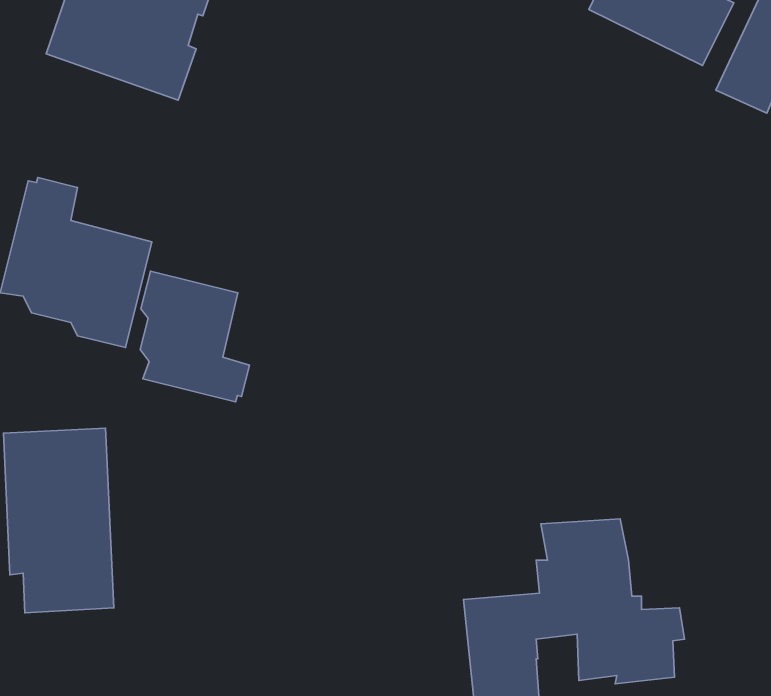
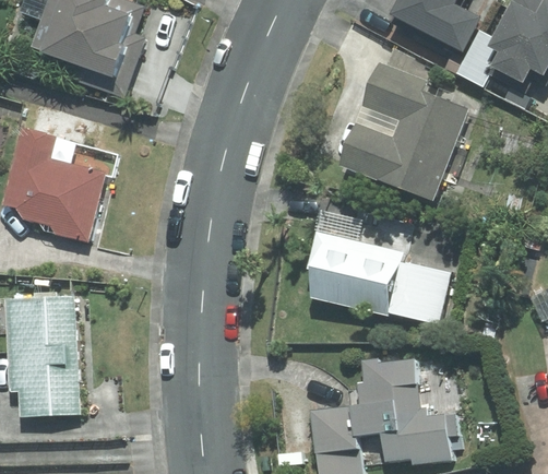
building: none -> [343,63,470,202]
building: [140,271,249,402] -> none
building: none -> [309,232,449,324]

